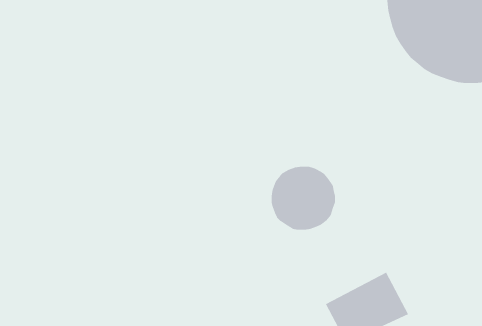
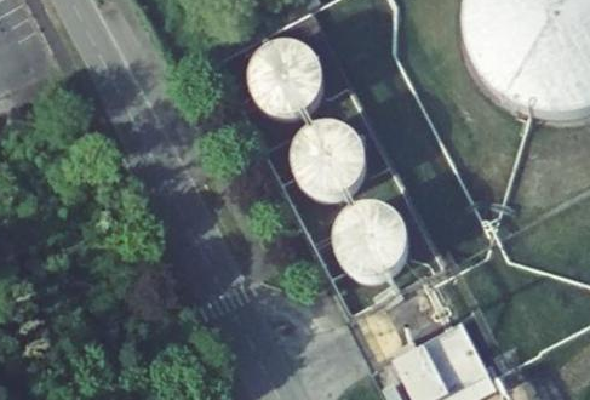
building: none -> [246,40,323,118]
building: none -> [290,122,366,199]

